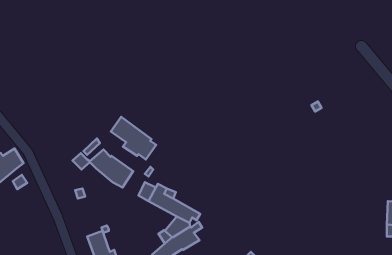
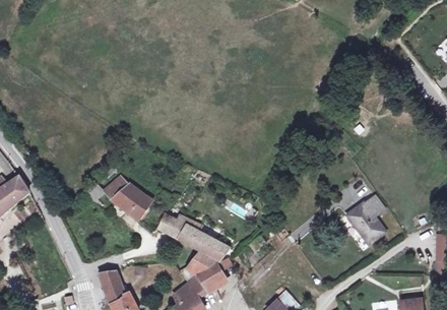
building: [111,117,156,159] -> none
building: none -> [347,195,385,243]

